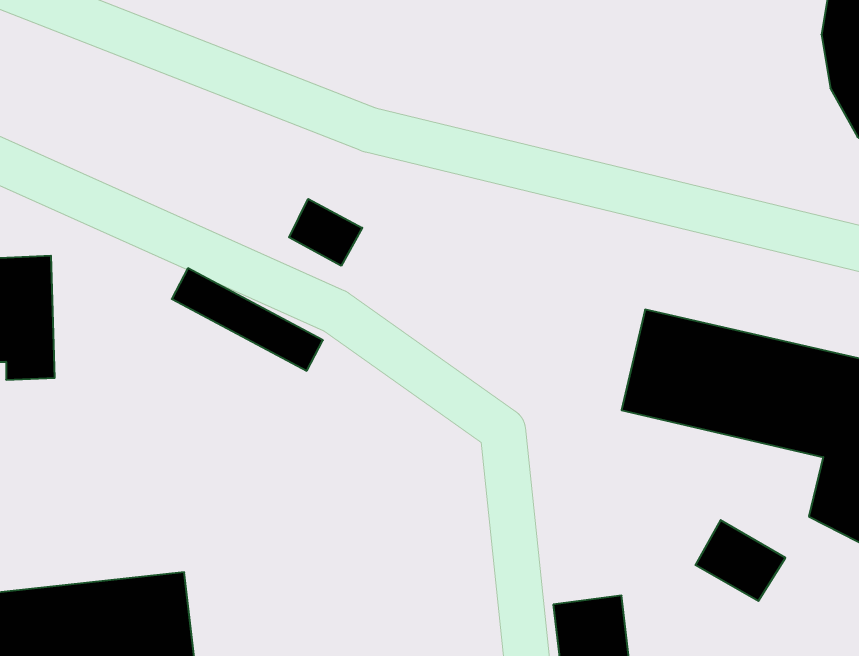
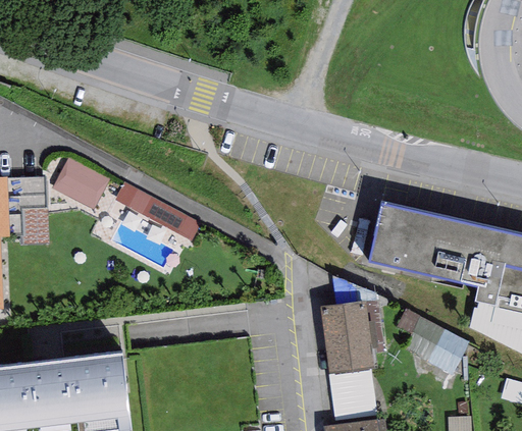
building: [289,199,362,266] -> none
building: none -> [51,156,109,209]
building: none -> [319,302,372,373]

